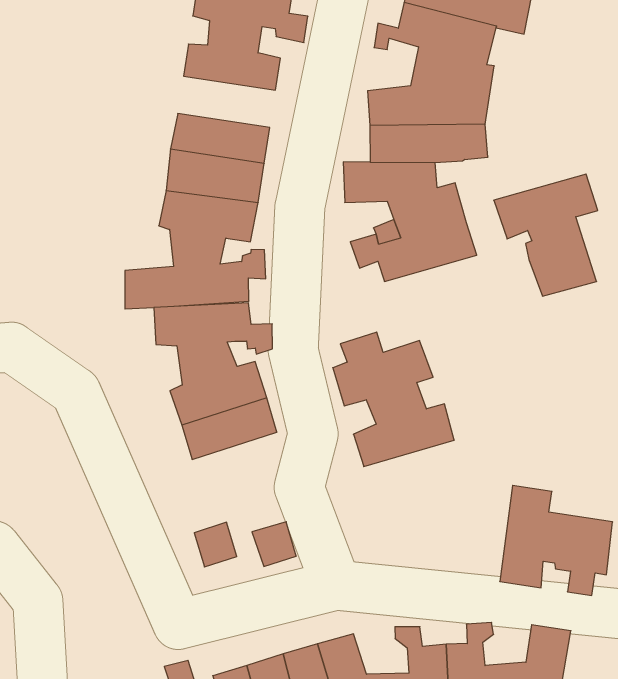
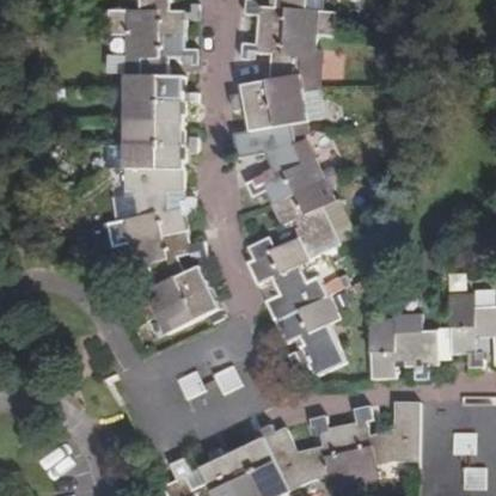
building: none -> [125,94,184,118]
building: [494,174,598,296] -> [270,178,342,258]
building: none -> [275,295,345,375]

